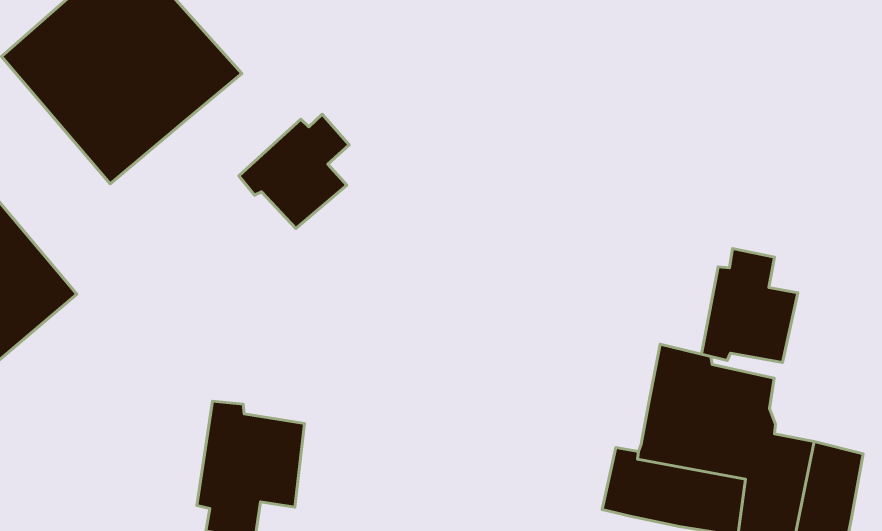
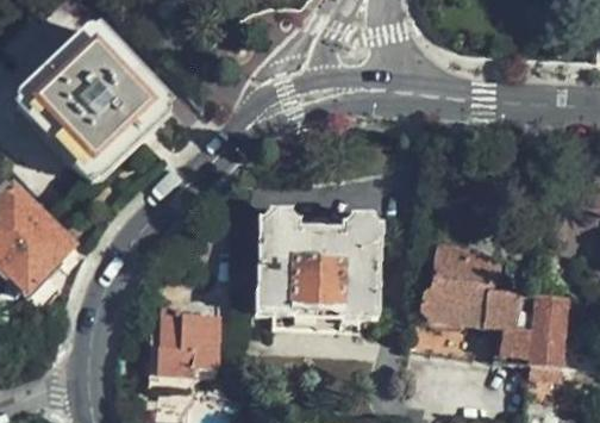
building: [239,114,349,229] -> none
building: [702,249,798,362] -> none
building: none -> [258,209,381,313]

